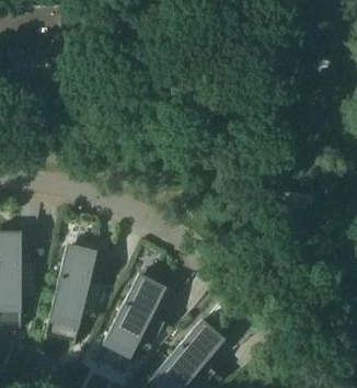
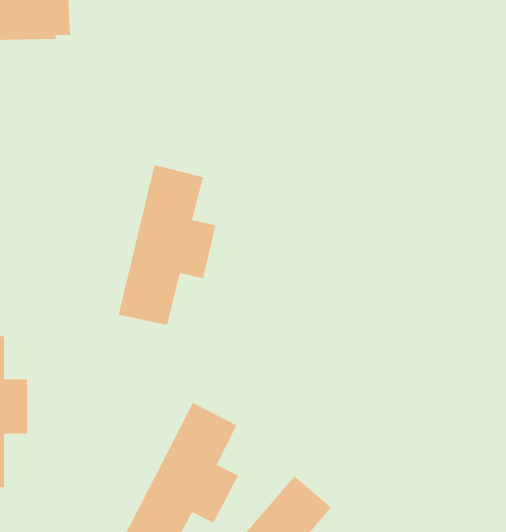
building: [42,246,102,344] -> [118,164,216,325]

